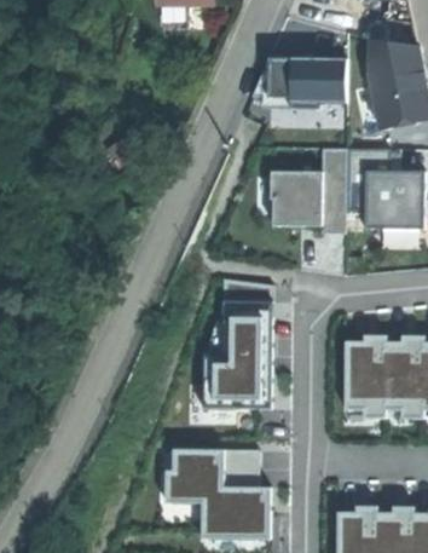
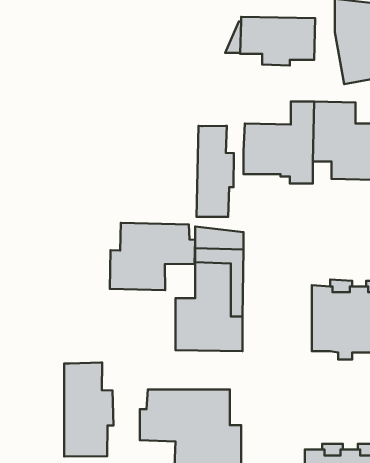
building: none -> [196,126,234,217]
building: none -> [110,223,195,290]
building: none -> [64,363,113,457]

